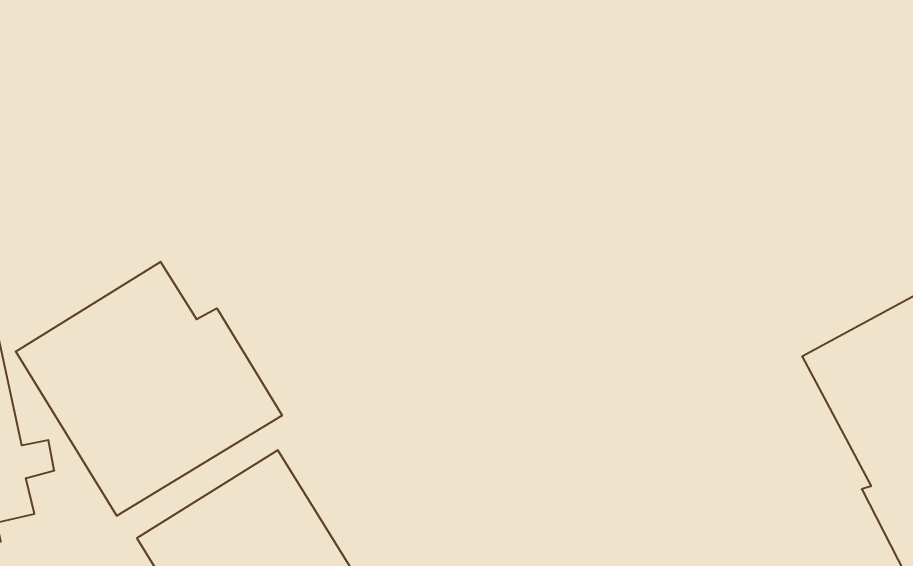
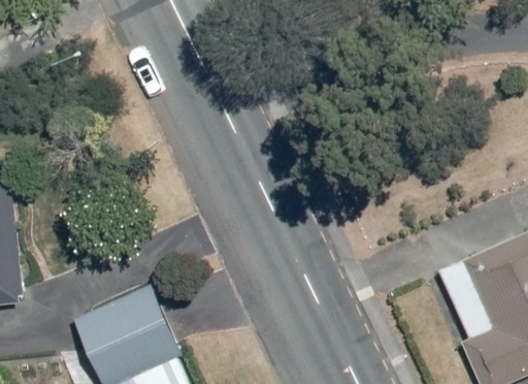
building: [16,262,282,516] -> none

